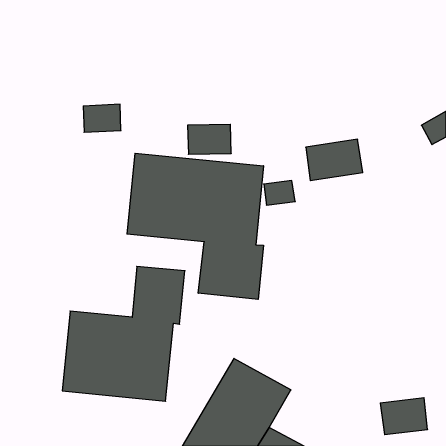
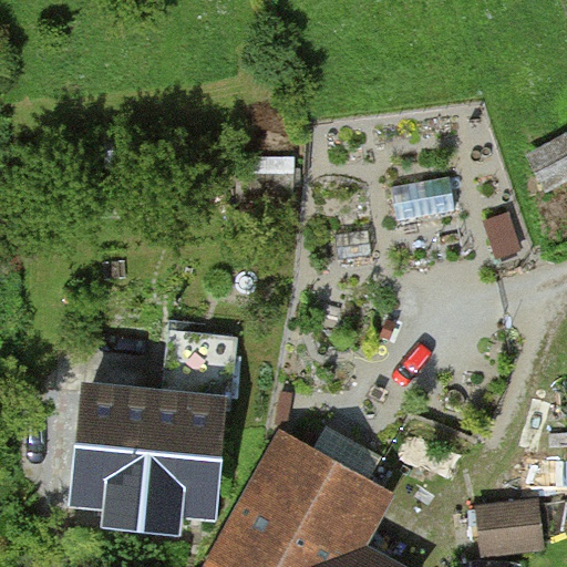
building: [127,153,263,299] -> none

